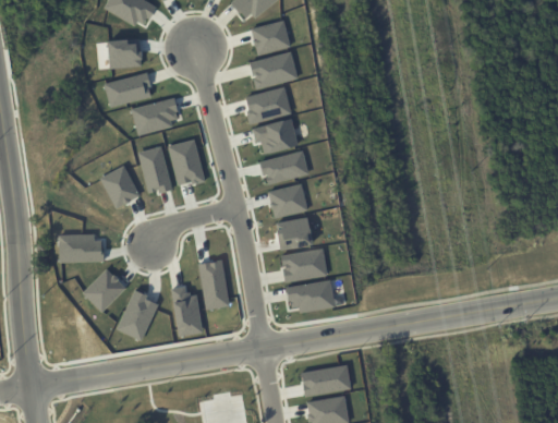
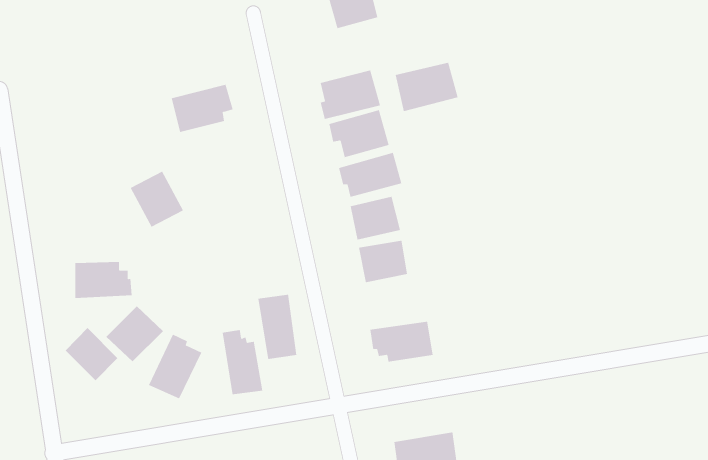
building: [110,37,143,68] -> none
building: [250,50,299,88] -> [395,62,459,112]
building: [106,71,153,106] -> none
building: [169,137,207,184] -> none
building: [140,146,173,192] -> none
building: [281,247,328,281] -> none
building: none -> [65,327,118,381]

